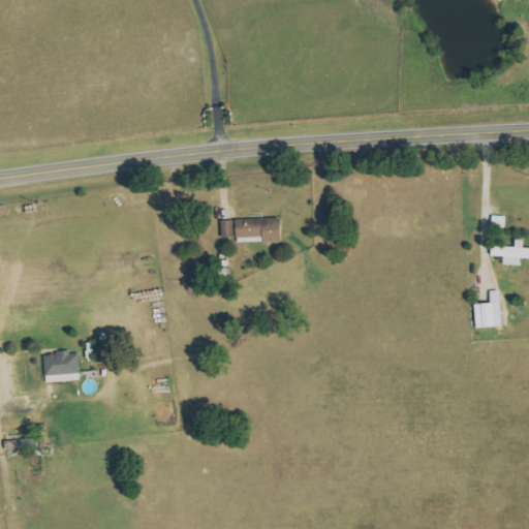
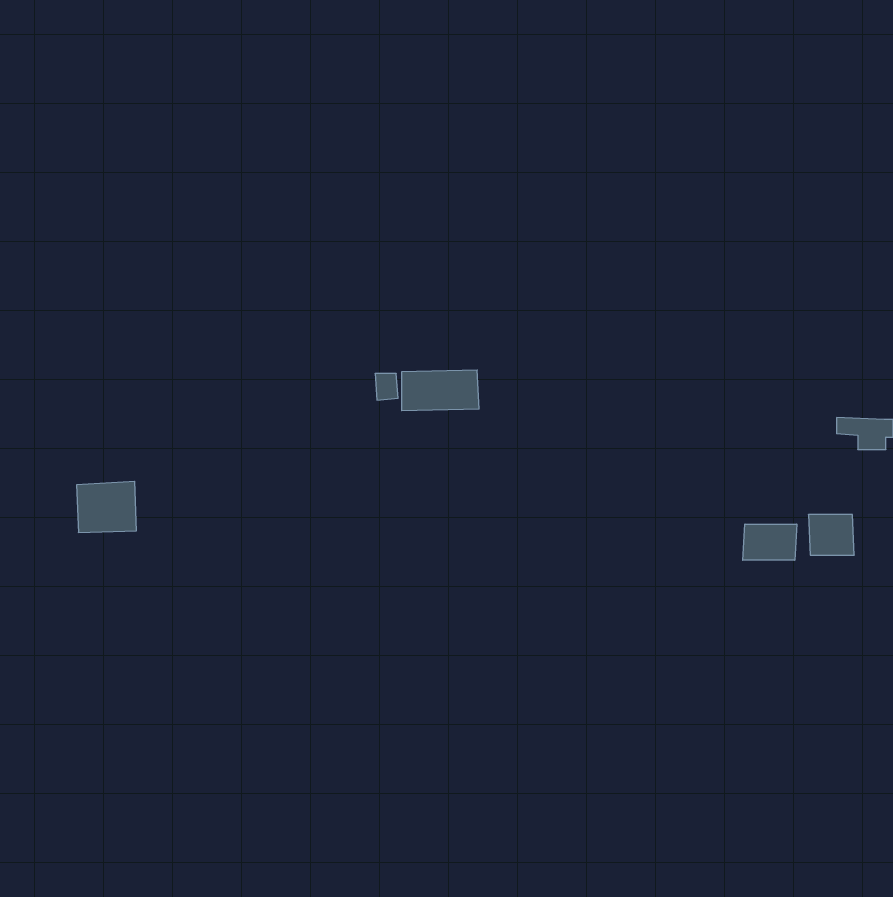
building: none -> [743,524,797,560]
building: [43,350,79,380] -> [77,481,136,532]

